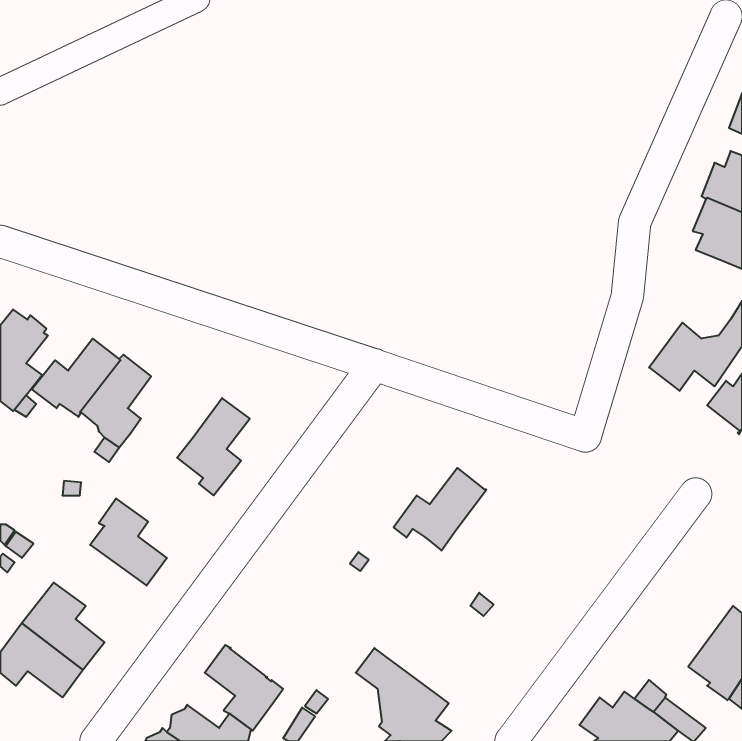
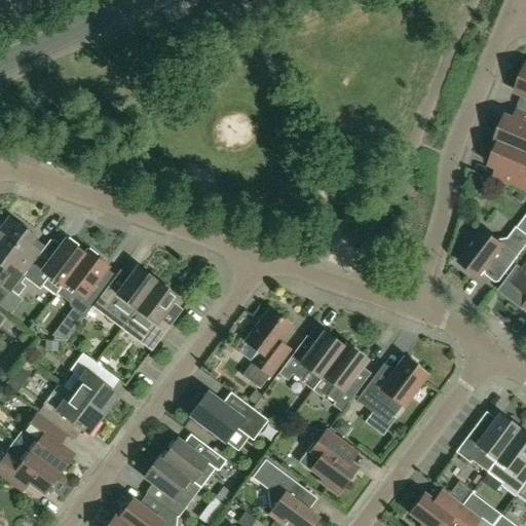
building: none -> [92,266,157,324]
building: none -> [241,309,291,388]
building: none -> [312,343,367,411]
building: none -> [355,358,426,427]
building: none -> [38,383,104,434]
building: none -> [190,391,268,441]
building: none -> [455,413,519,472]
building: none -> [303,429,356,492]
building: none -> [162,439,226,487]

